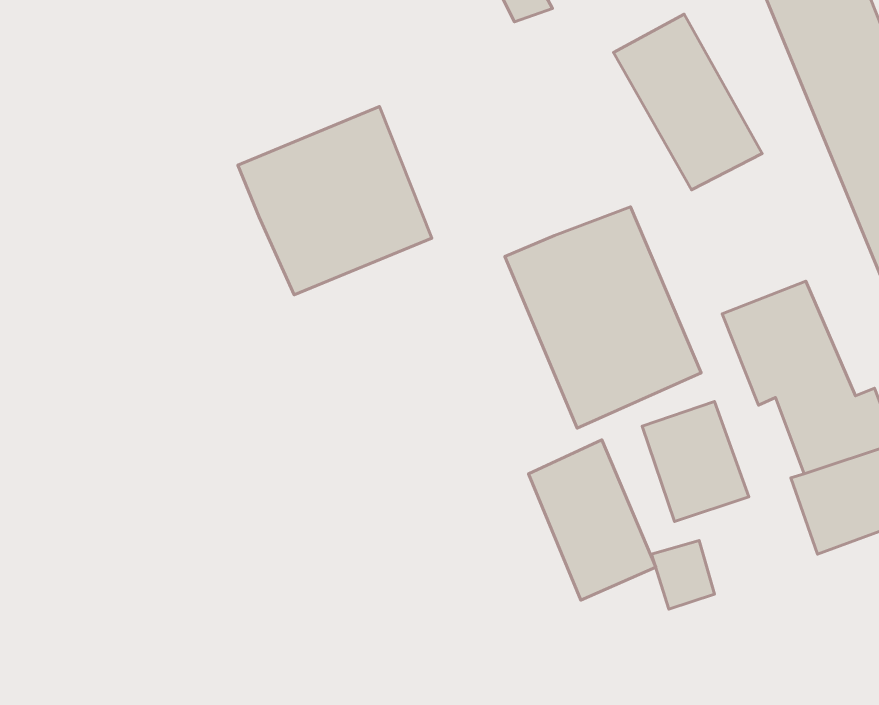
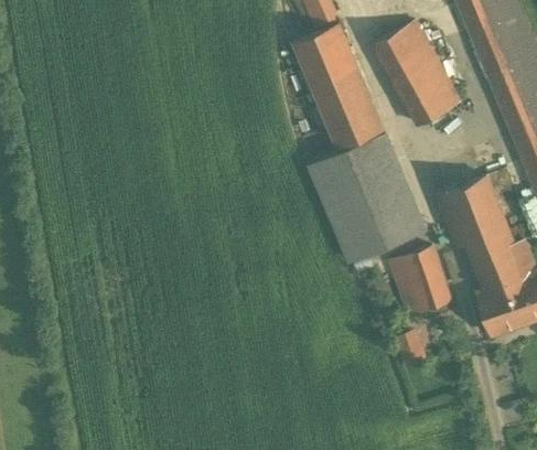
building: none -> [296,24,385,150]
building: [238,106,432,295] -> none
building: [529,440,656,600] -> none

